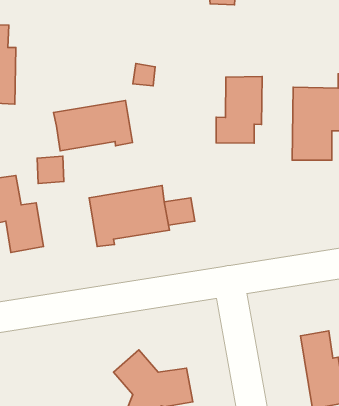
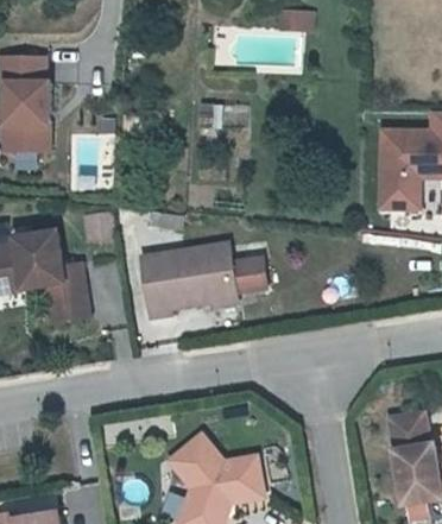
building: [216,77,262,143] -> none
building: [53,100,132,151] -> none

